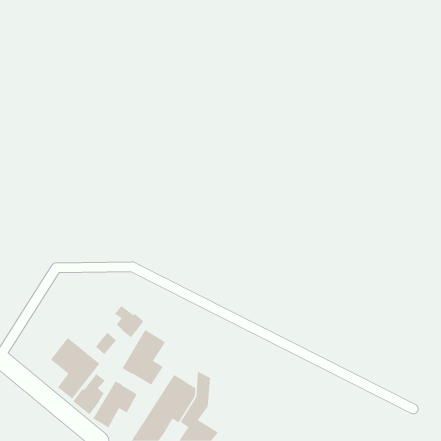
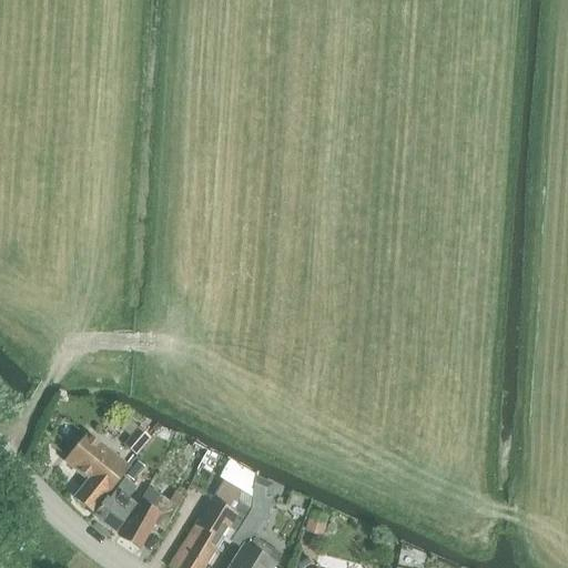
building: [114,305,144,338] -> none
building: [122,329,166,385] -> none

